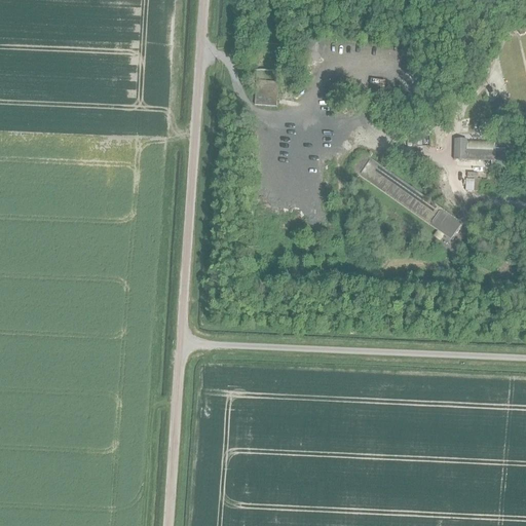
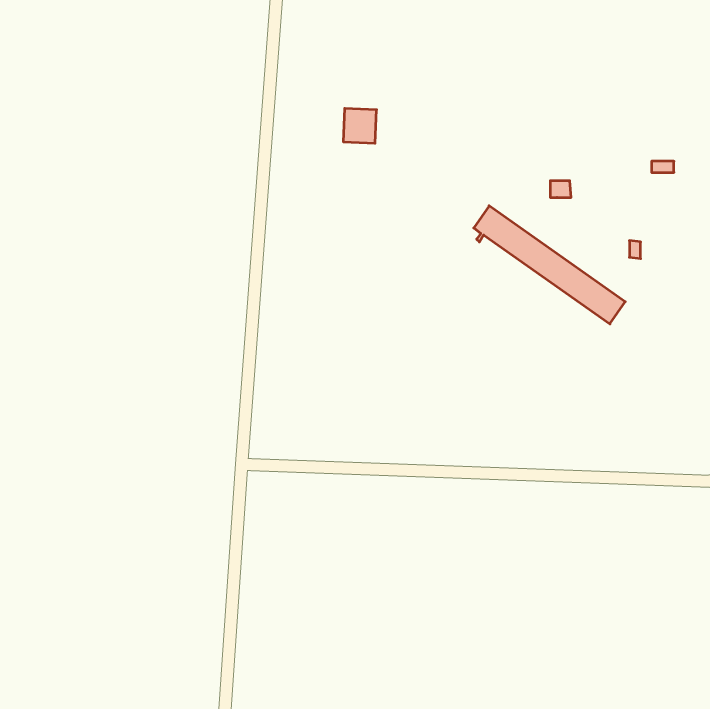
building: [454,140,515,160] -> none

